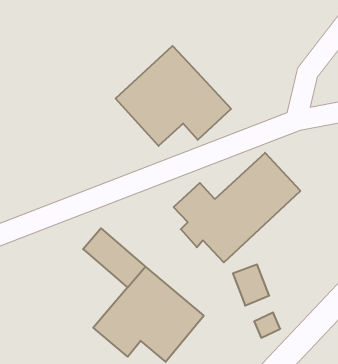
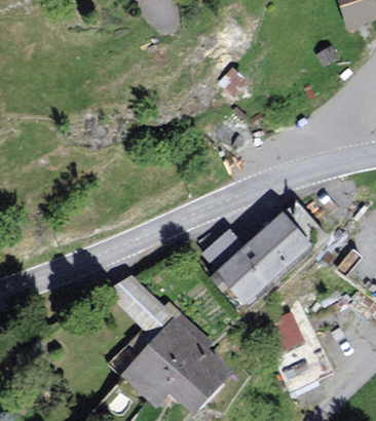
building: [116,46,231,146] -> none

